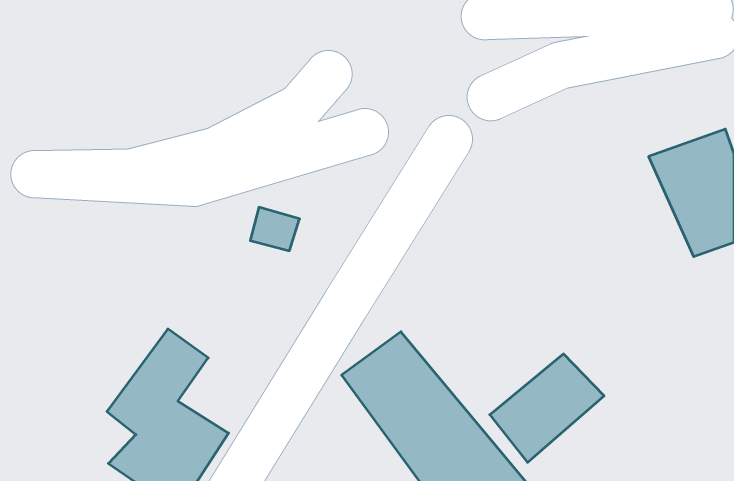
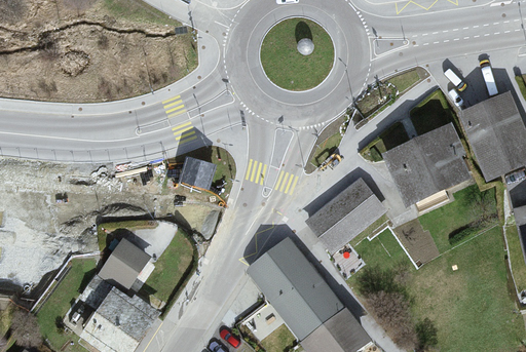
building: none -> [387,123,475,205]
building: [490,354,604,462] -> [303,177,384,253]

